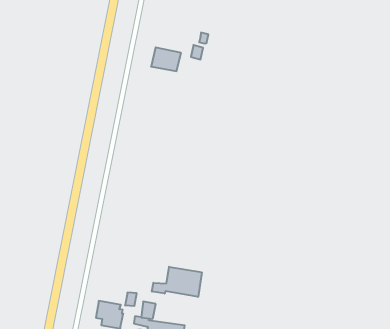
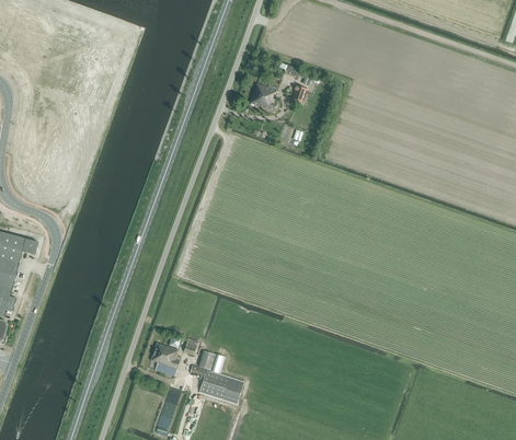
building: [152,267,202,297] -> none

